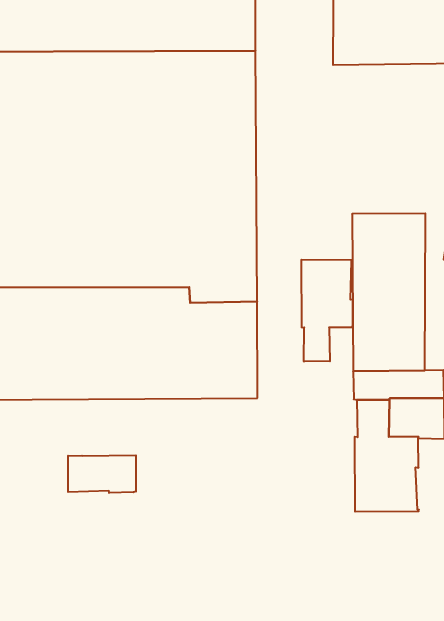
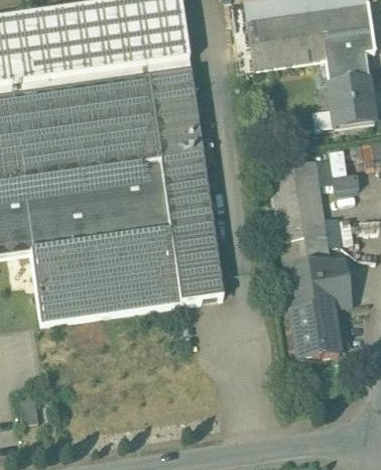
building: [301,259,353,362] -> none
building: [68,455,136,493] -> none

